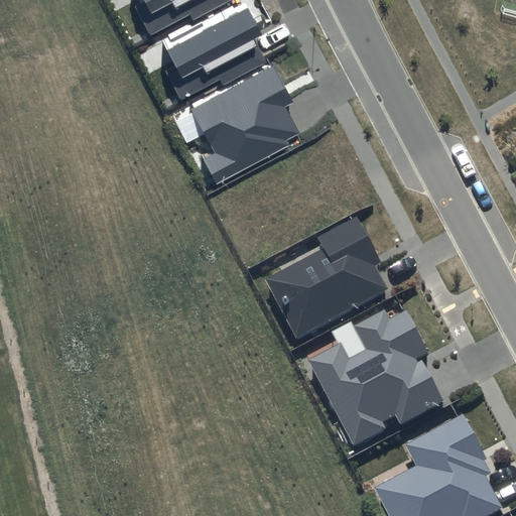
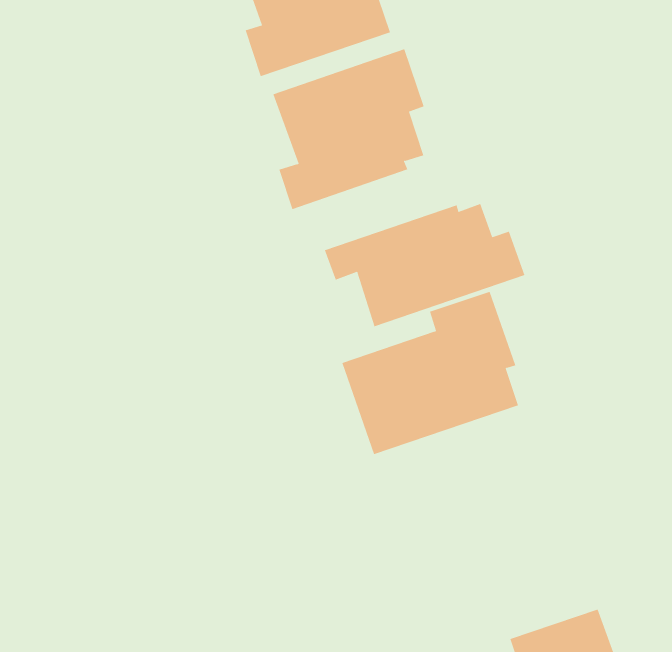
building: none -> [324,203,525,327]
building: [308,310,442,445] -> none

